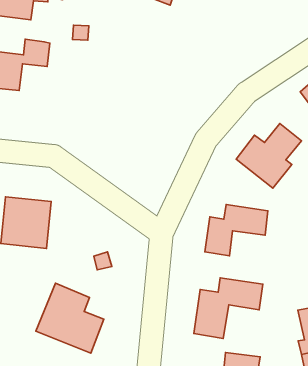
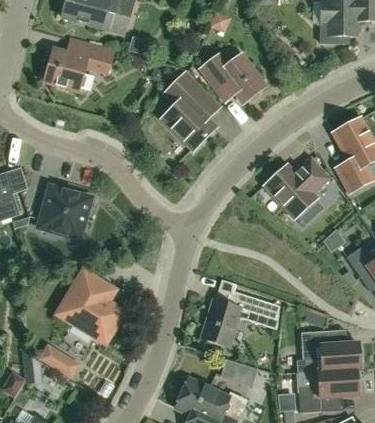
building: none -> [201,52,265,102]
building: none -> [163,73,218,148]
building: [205,204,268,256] -> none

